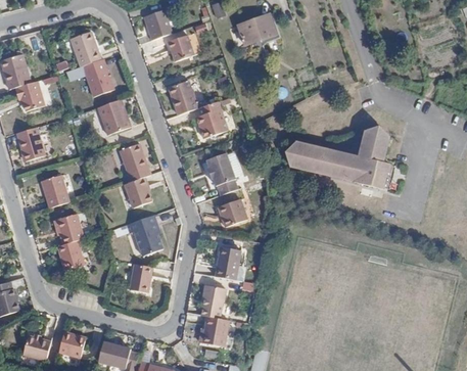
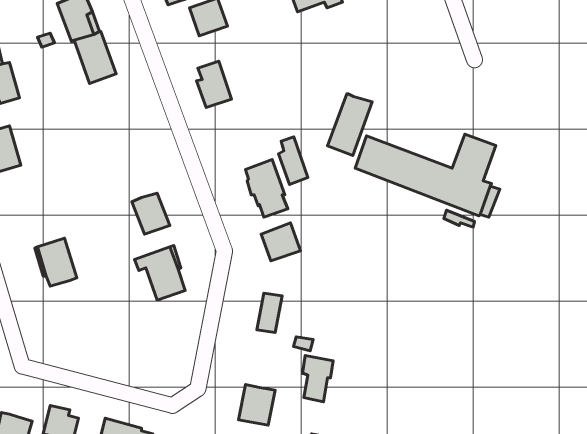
building: [98,99,130,134] -> none
building: [196,104,218,139] -> [278,137,308,185]
building: none -> [327,94,372,155]
building: [120,143,150,180] -> none
building: [41,176,69,207] -> none
building: [58,240,85,271] -> none
building: [131,264,153,292] -> none
building: [201,284,224,318] -> [302,355,333,402]

